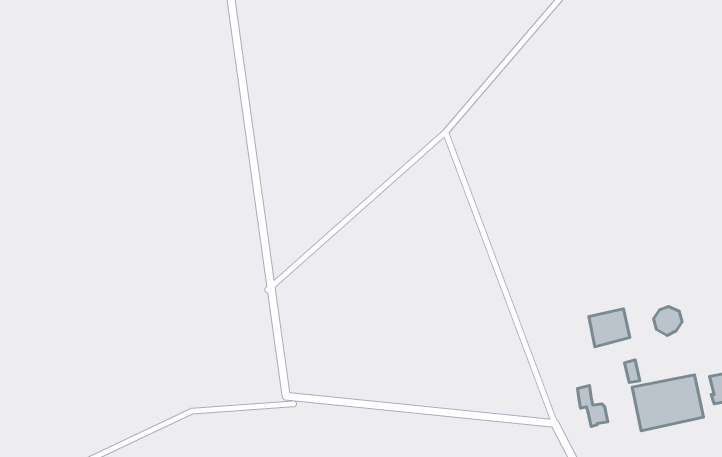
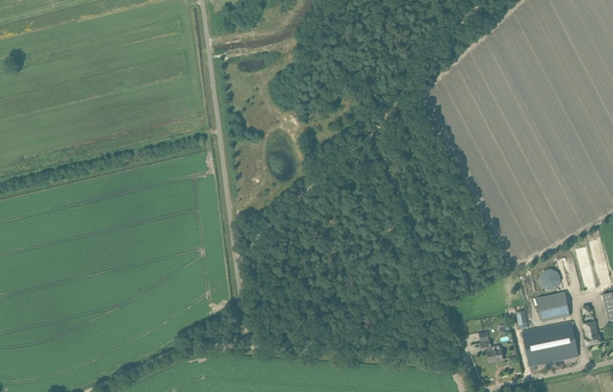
building: [589,309,630,347] -> [538,293,570,322]

